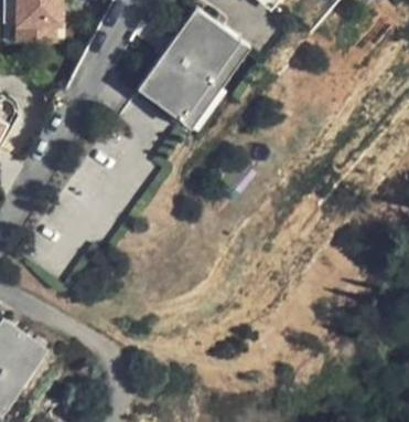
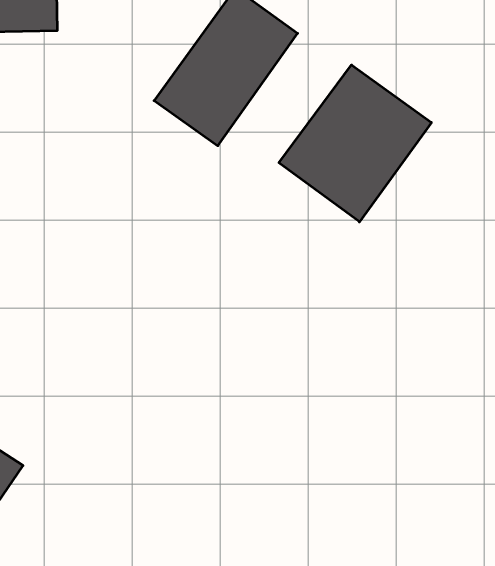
building: none -> [279,65,431,222]

